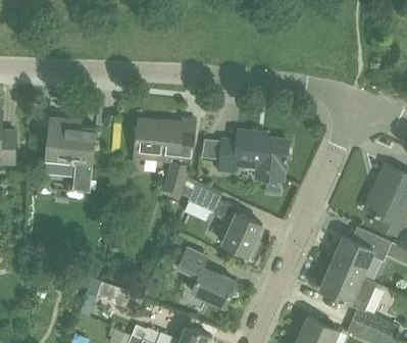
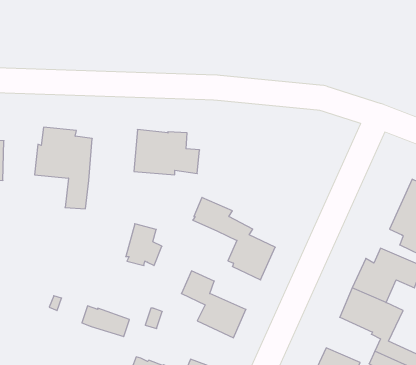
building: [219,131,289,181] -> none
building: [163,160,196,198] -> [126,224,162,266]

